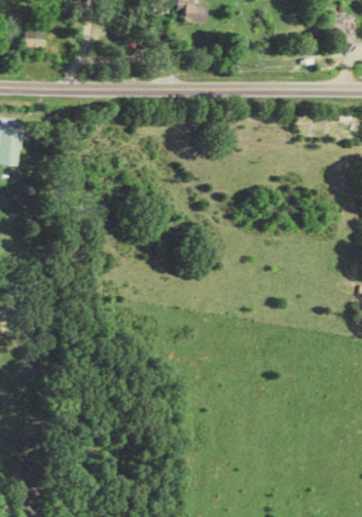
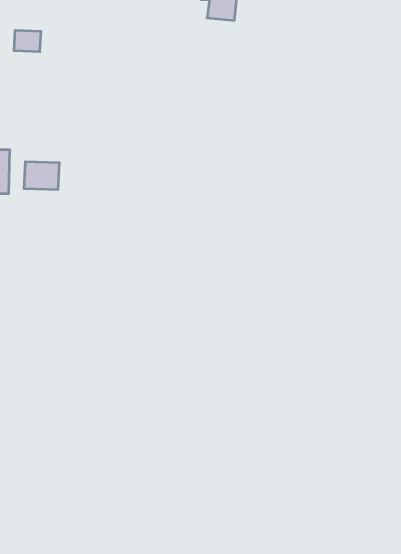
building: none -> [24,162,59,190]

